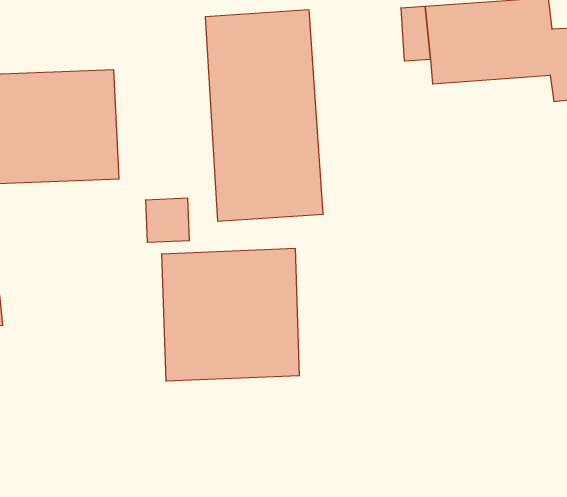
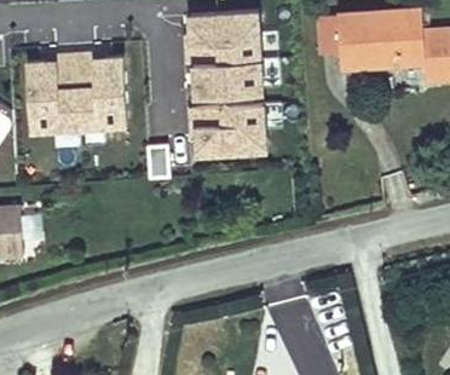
building: [162,248,299,381] -> none

